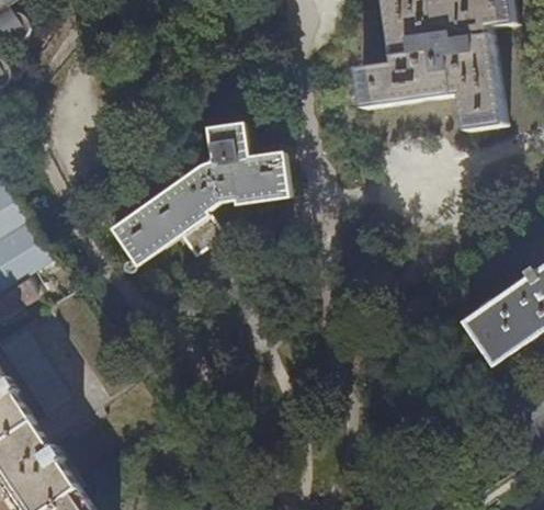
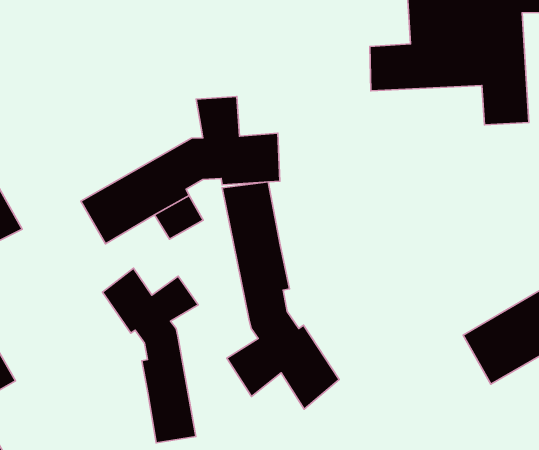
building: none -> [222,182,339,409]
building: none -> [102,268,198,443]

